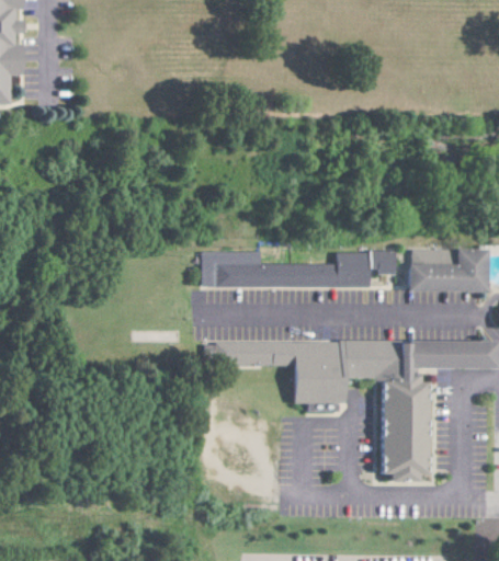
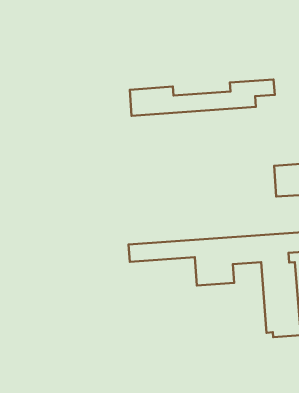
building: [203,251,397,286] -> [130,79,275,116]

